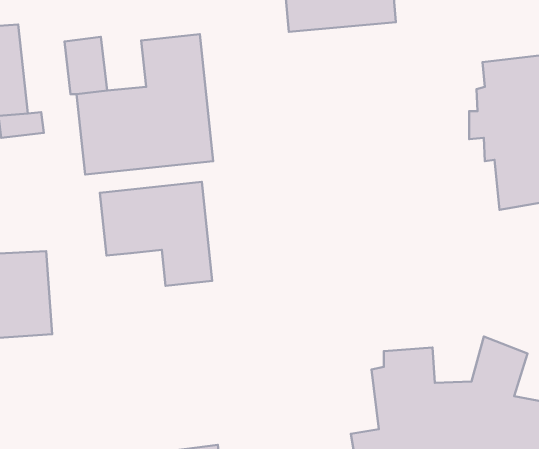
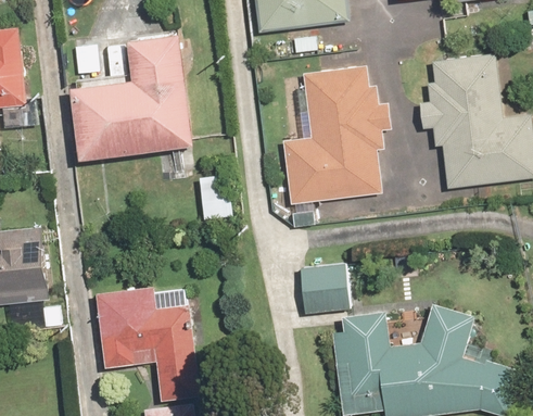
building: none -> [282,64,394,205]
building: [100,182,212,286] -> none
building: none -> [301,265,352,315]
building: none -> [97,289,202,399]

